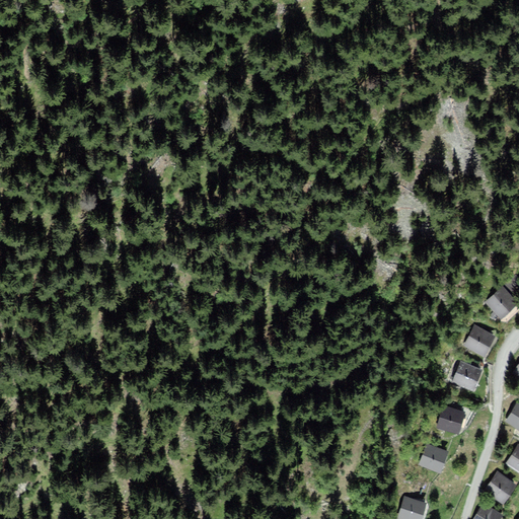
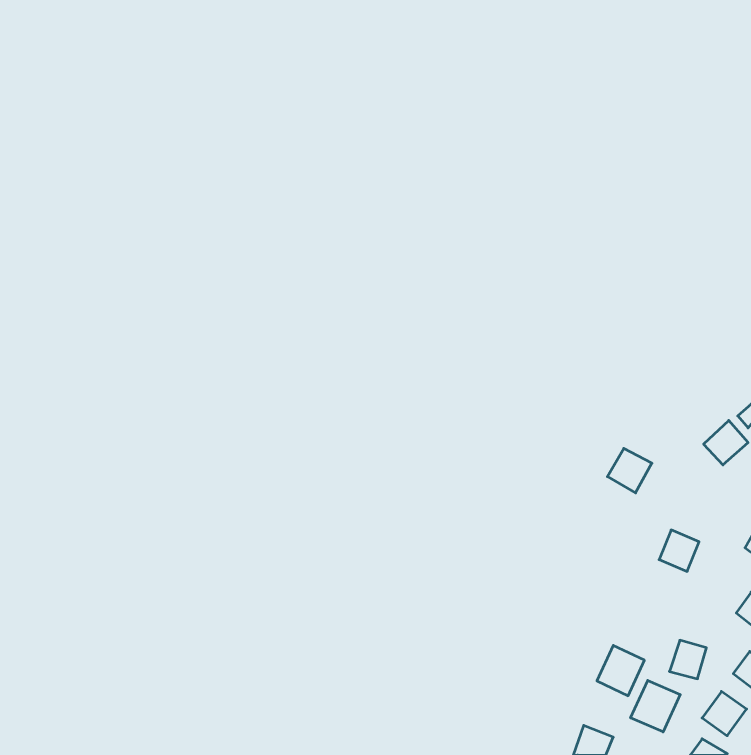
building: [465,327,496,358] -> [607,448,652,493]
building: [439,406,464,433] -> [669,640,706,679]
building: none -> [631,680,680,732]

